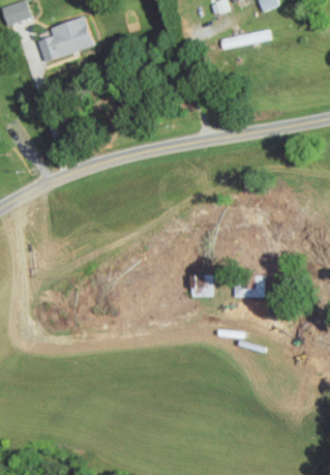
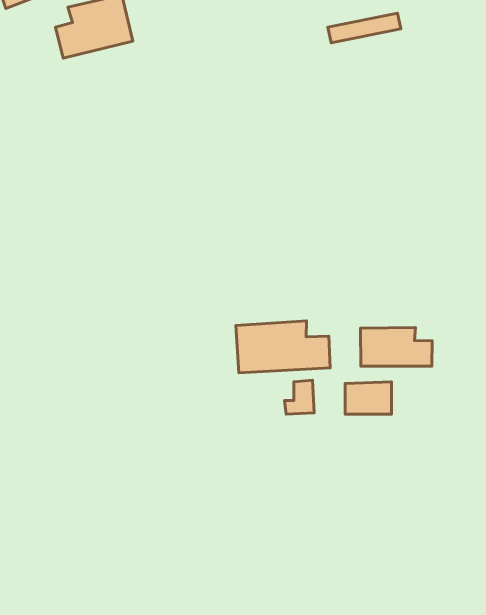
building: none -> [236,321,330,373]
building: none -> [360,328,432,366]

